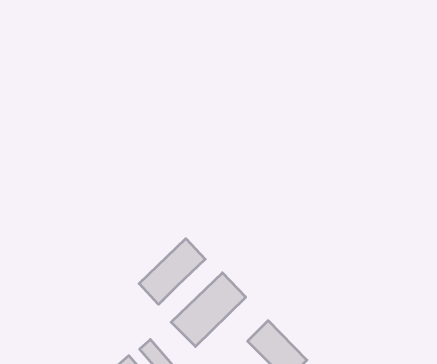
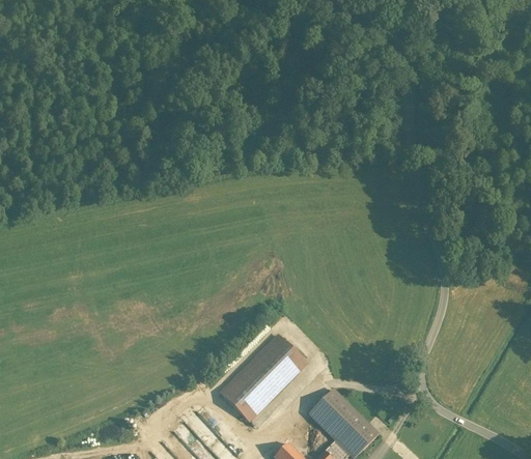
building: [139,239,205,304] -> none

